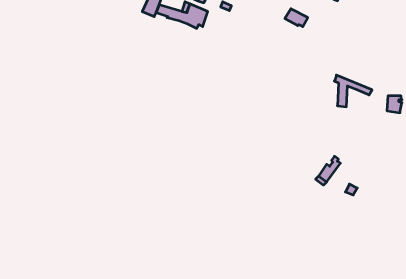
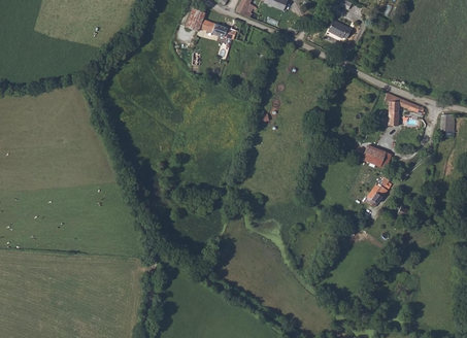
building: none -> [362,143,392,167]

